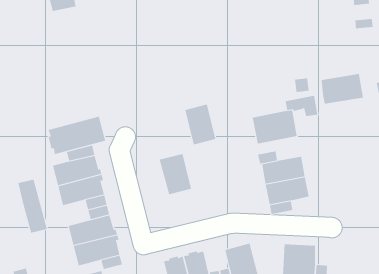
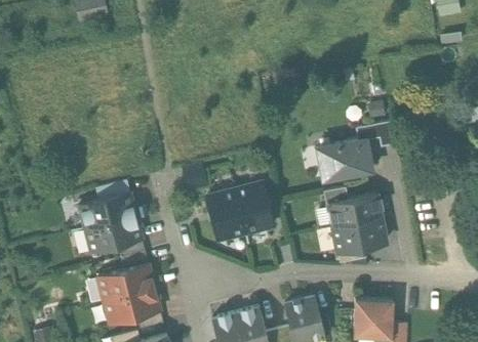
building: [321,73,363,104] -> none
building: [184,104,216,145] -> [235,183,273,232]
building: [48,116,106,155] -> none
building: [18,179,47,233] -> none

